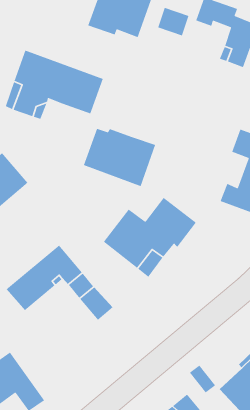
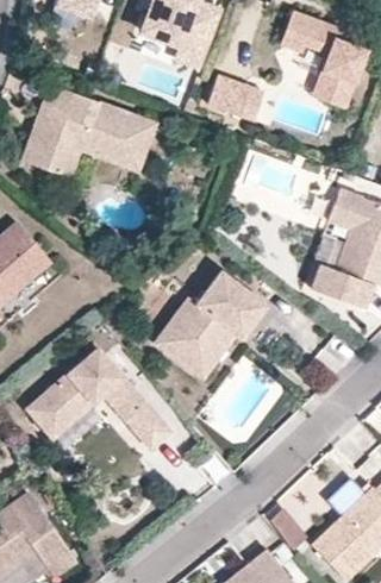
building: [157,7,190,37] -> [207,74,251,114]
building: [83,128,156,187] -> none

